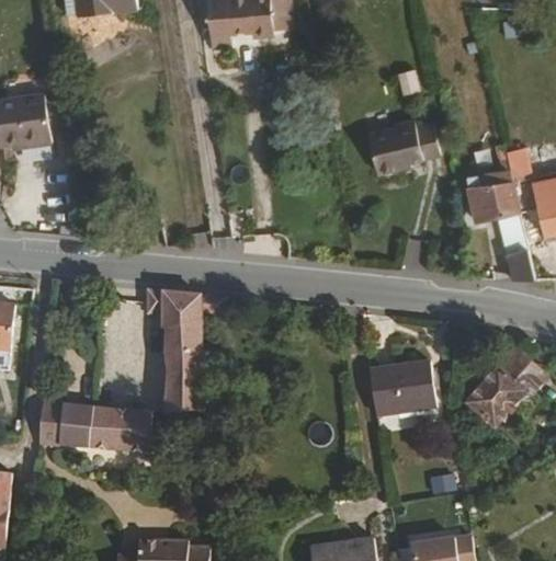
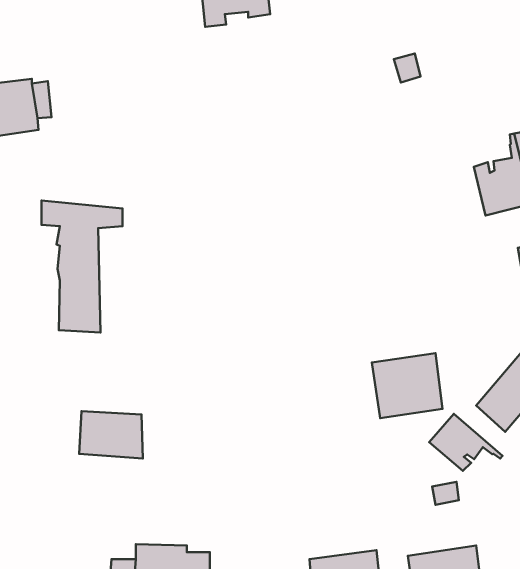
building: [370,125,442,176] -> none
building: [147,288,224,413] -> [41,201,122,332]
building: [42,404,93,448] -> none
building: none -> [429,414,503,471]

